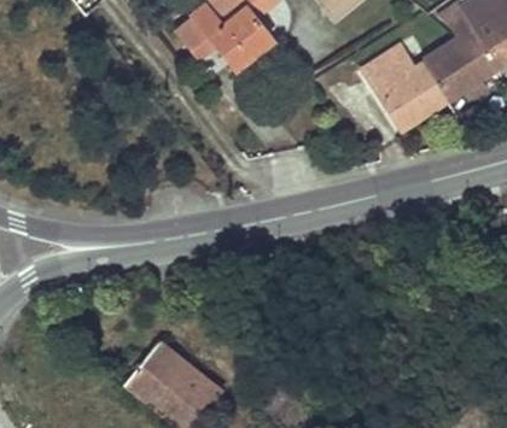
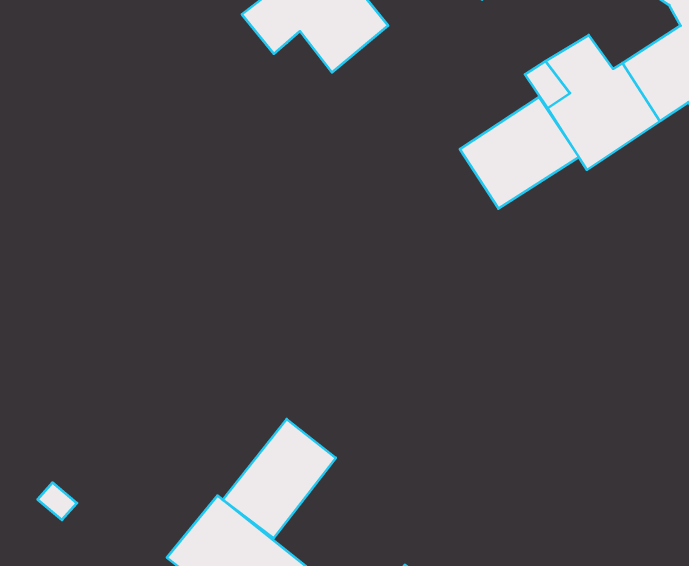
building: none -> [460,97,579,209]
building: none -> [223,419,336,538]

